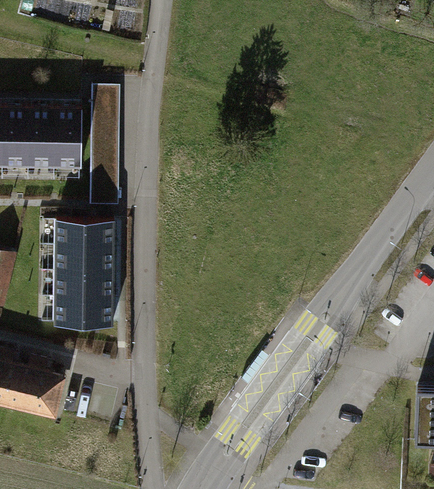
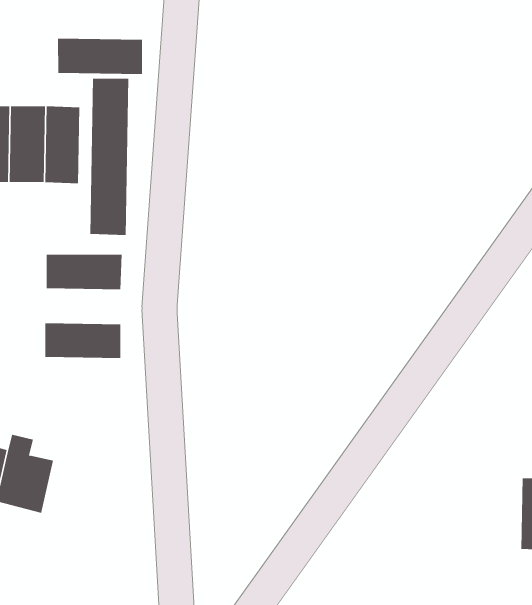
building: none -> [58,38,143,75]
building: [55,246,113,273] -> none
building: [54,298,113,326] -> none

